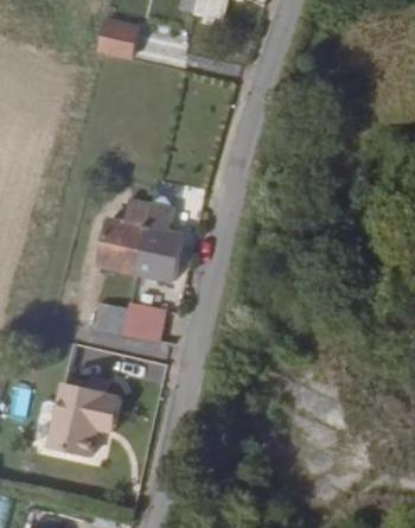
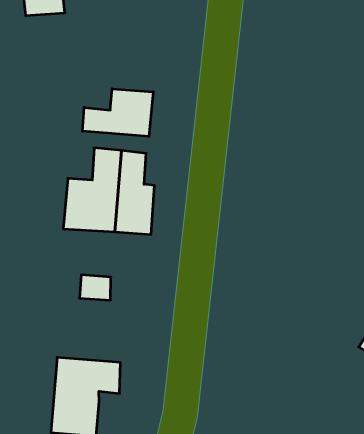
building: none -> [83,89,153,136]
building: [126,306,168,344] -> none

